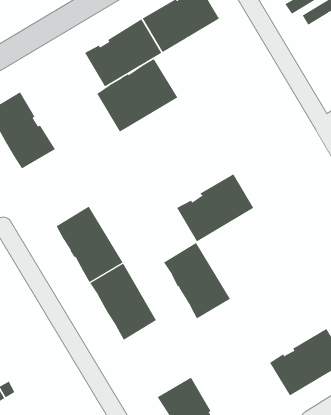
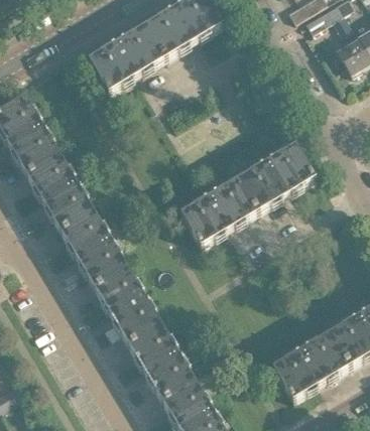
building: [97,58,178,132] -> none
building: none -> [238,145,316,213]
building: none -> [26,155,94,232]
building: [163,242,231,319] -> [128,325,196,402]

